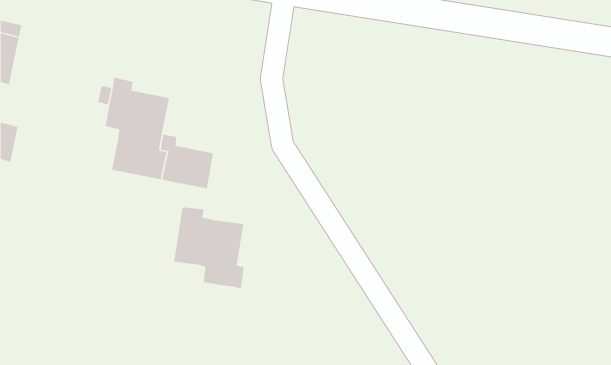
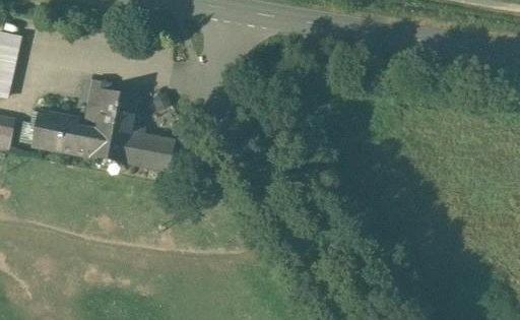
building: none -> [32,111,95,154]
building: [173,206,244,289] -> none

